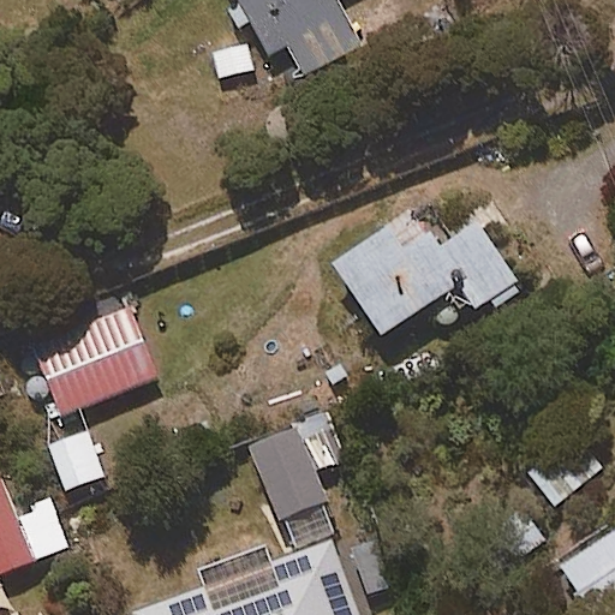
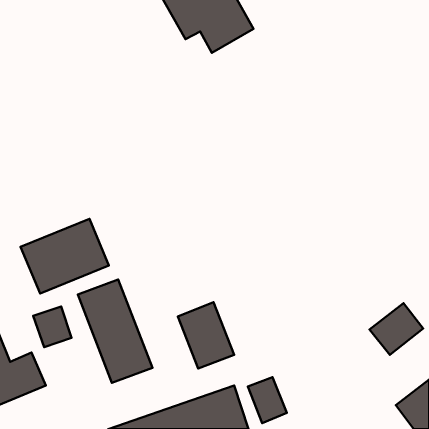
building: [339,216,521,339] -> none
building: none -> [78,279,152,383]

